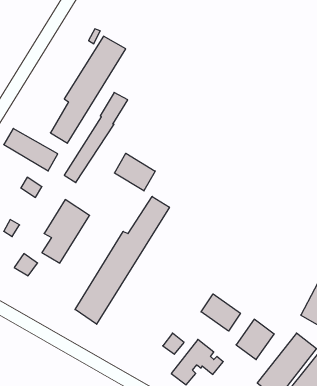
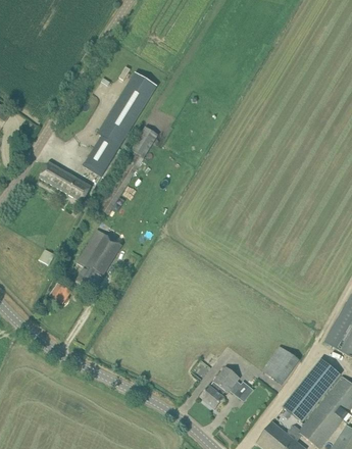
building: [114,153,155,191] -> none
building: [75,196,169,324] -> none
building: [201,294,240,331] -> none

